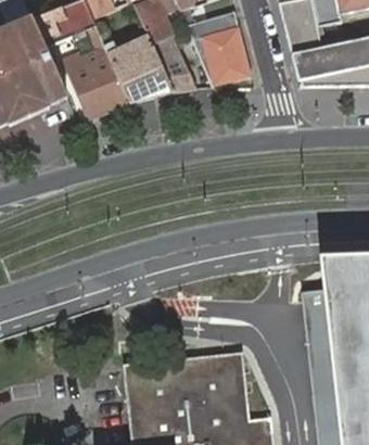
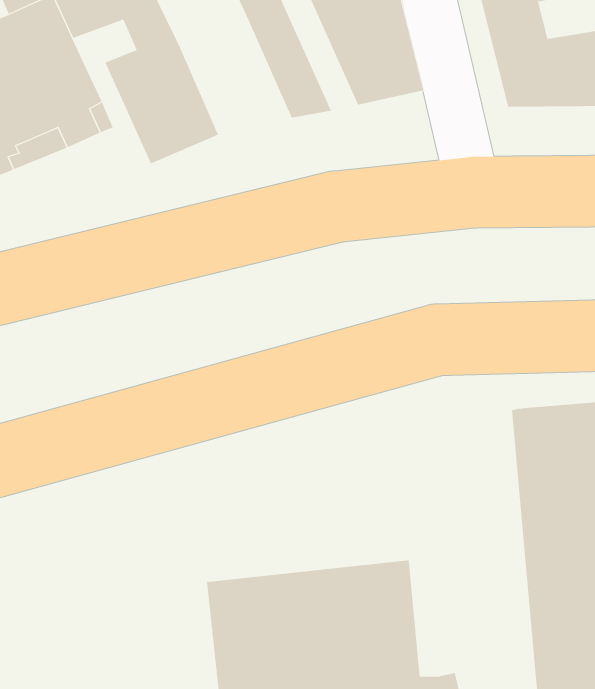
building: [109,34,174,102] -> none

